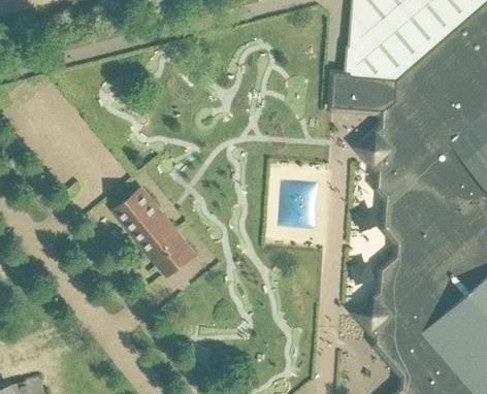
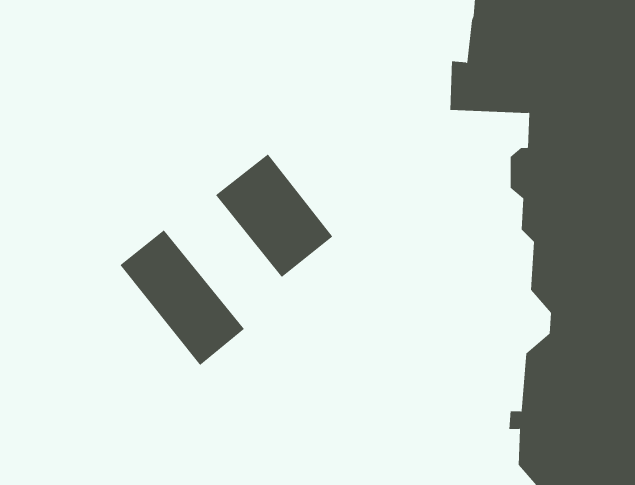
building: none -> [215,154,333,278]

